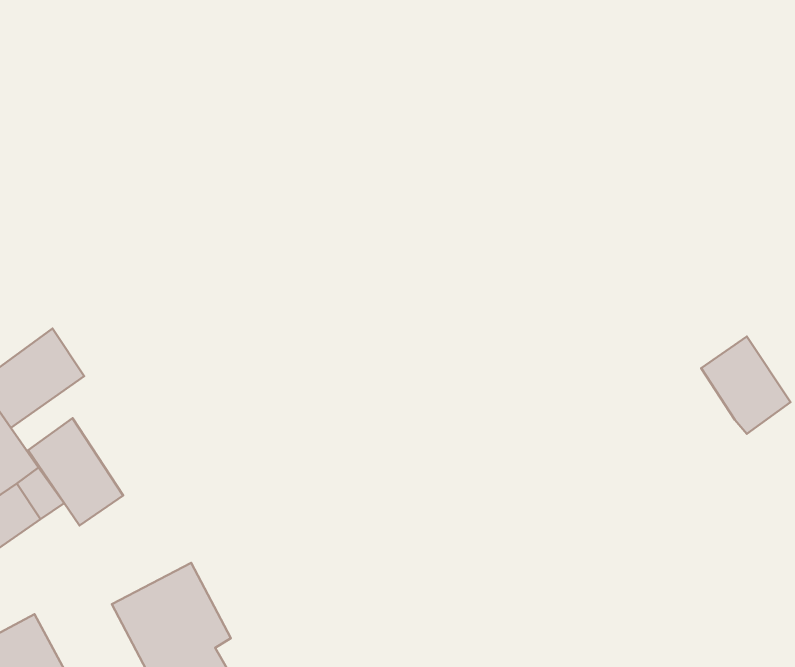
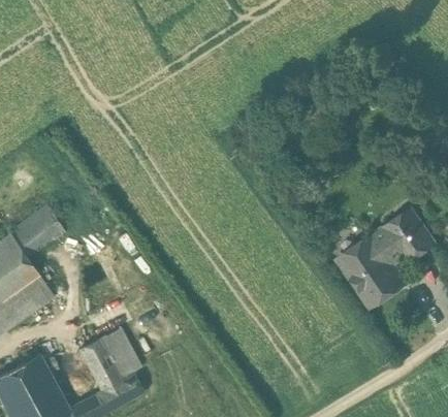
building: none -> [340,229,405,308]
building: [28,418,123,526] -> none

